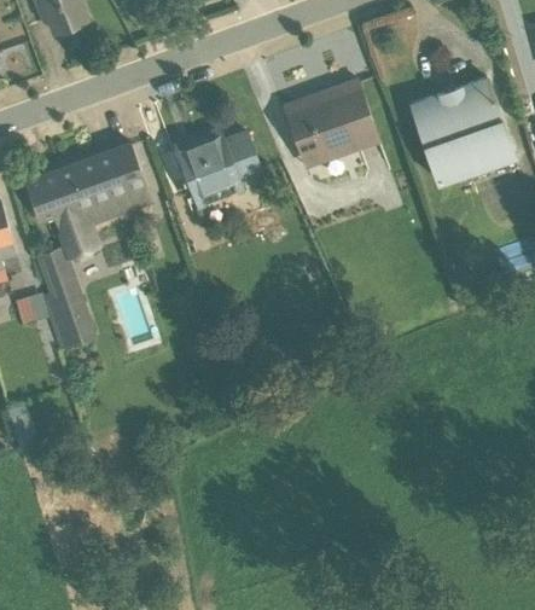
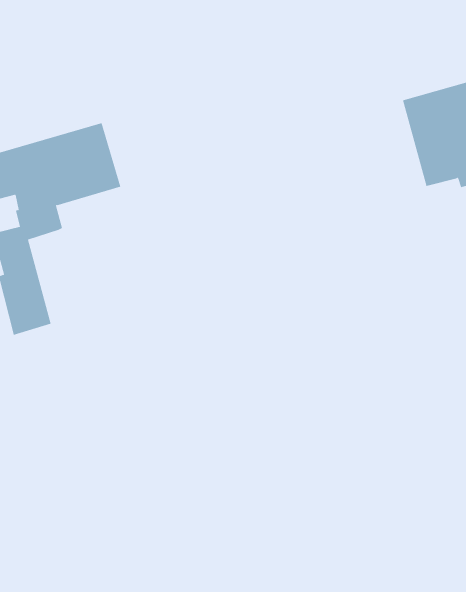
building: [283,79,378,168] -> none
building: [175,129,260,208] -> none

